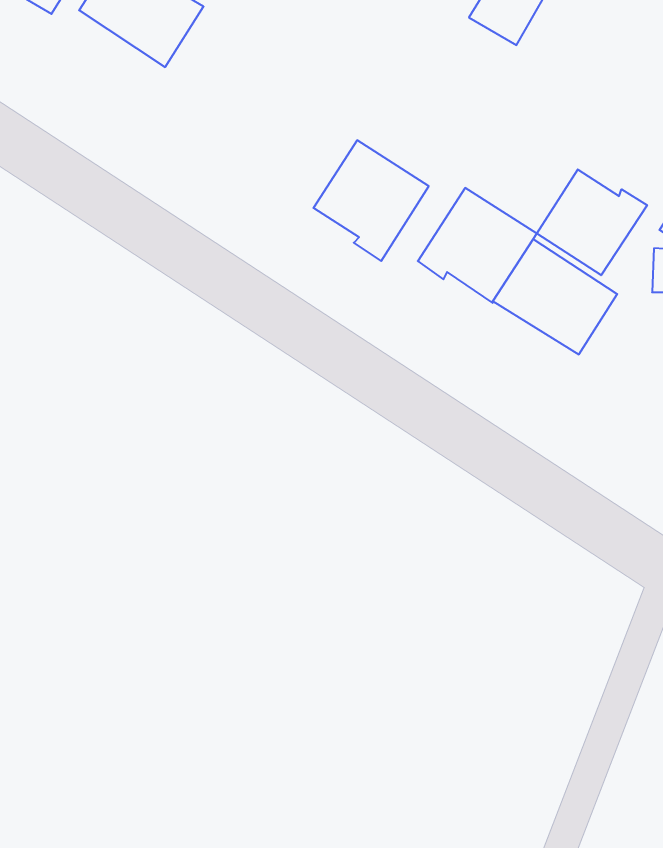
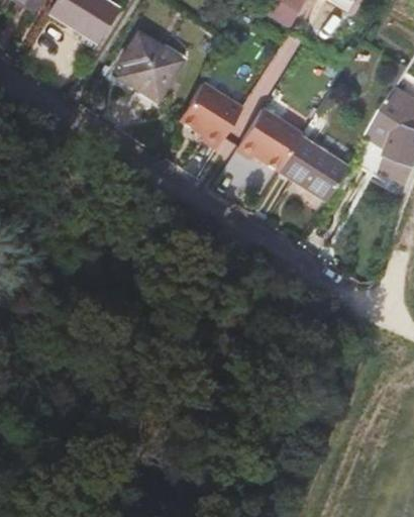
building: none -> [118,32,180,100]
building: [537,169,647,275] -> none

